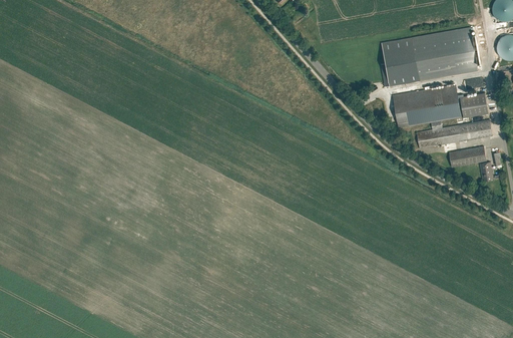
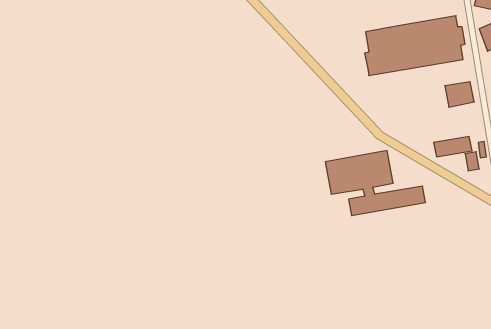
building: [394,84,493,148] -> [325,151,426,216]

